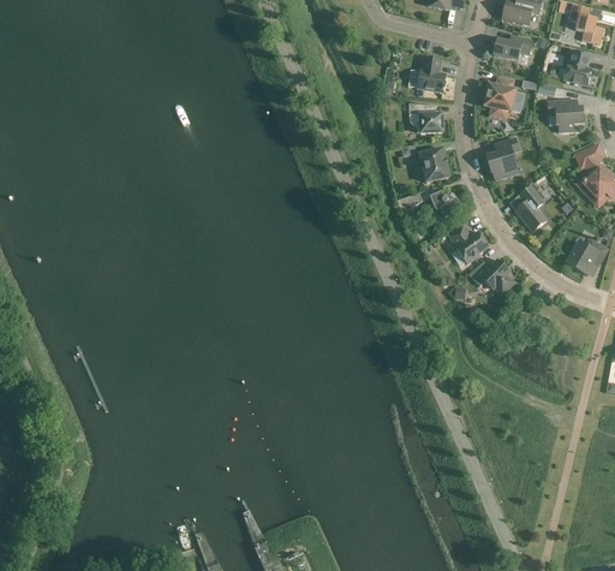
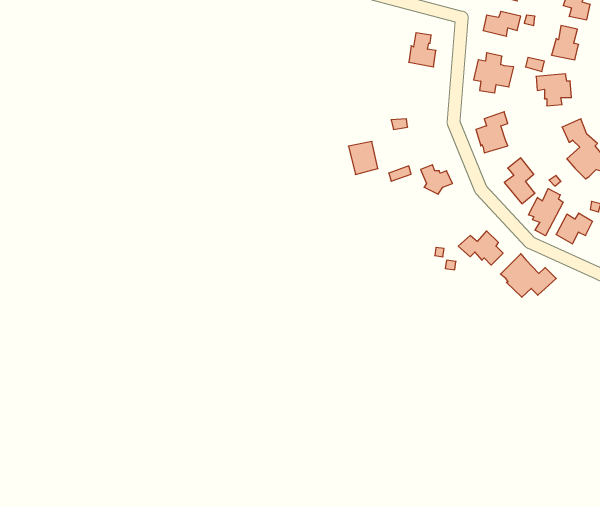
building: [408,103,442,132] -> none
building: [419,148,449,182] -> [348,141,378,174]
building: none -> [528,189,563,236]
building: [449,225,488,262] -> none
building: none -> [500,254,556,297]

